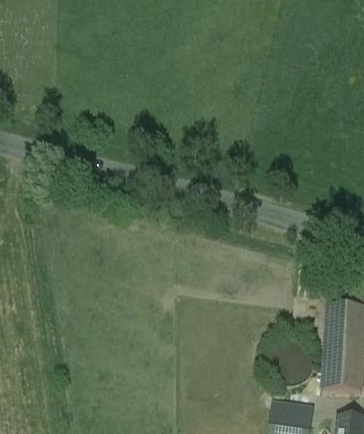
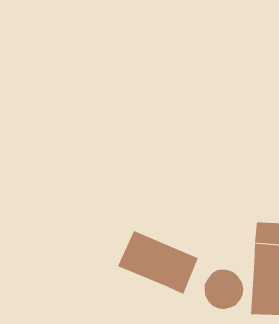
building: none -> [117,230,199,295]

